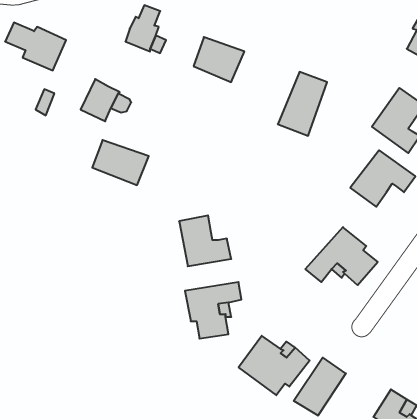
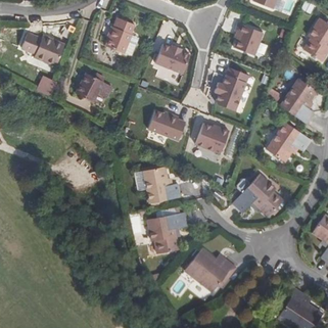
building: none -> [235,20,264,52]
building: [92,140,149,185] -> [146,108,186,140]
building: none -> [193,121,229,151]

